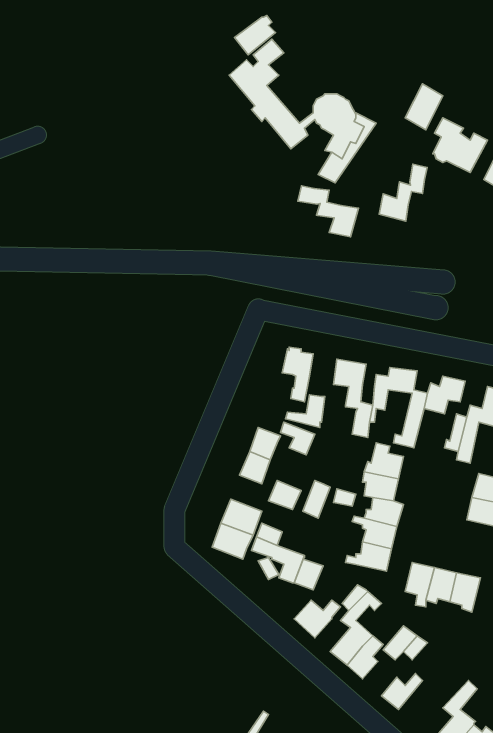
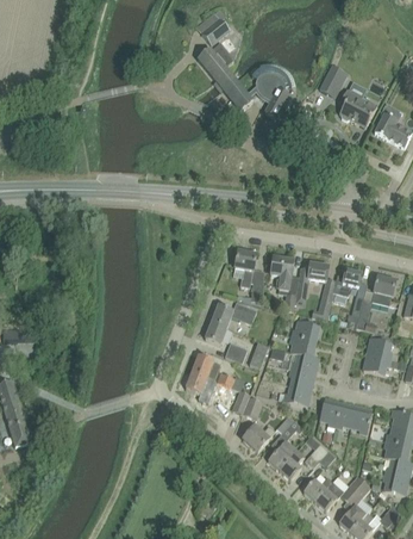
building: [379,164,427,221] -> none
building: [298,186,359,237] -> none
building: none -> [315,475,364,510]

